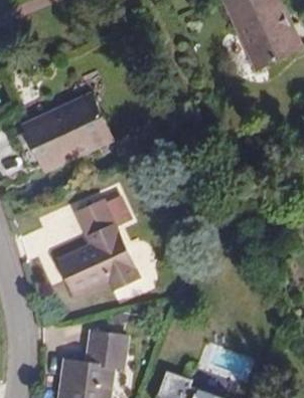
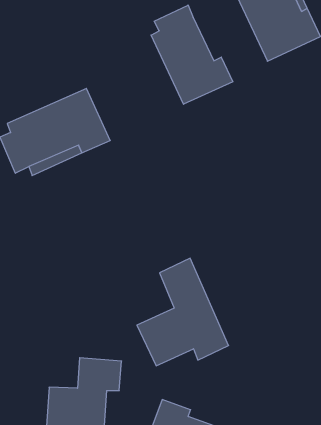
building: none -> [151,5,233,104]
building: [57,200,139,295] -> [137,258,229,366]

